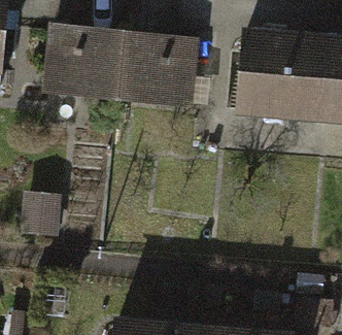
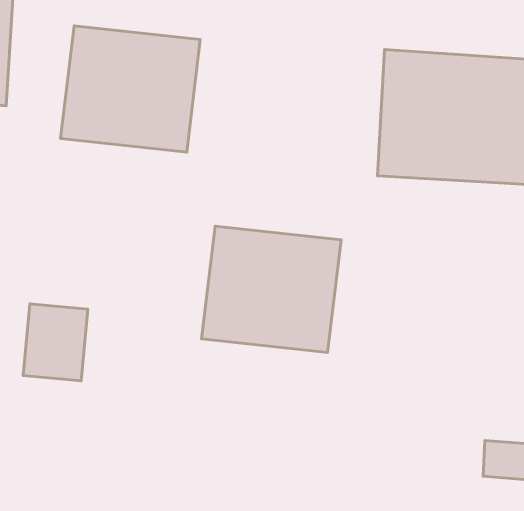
building: [117,31,202,107] -> [201,226,341,353]

